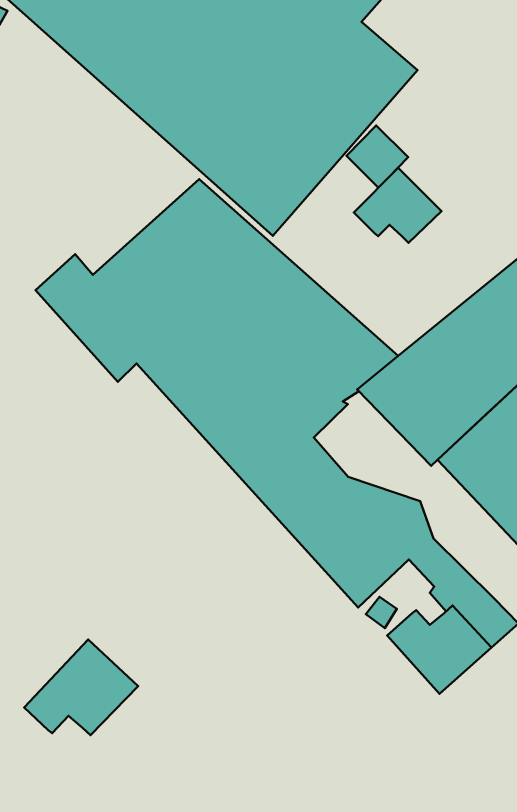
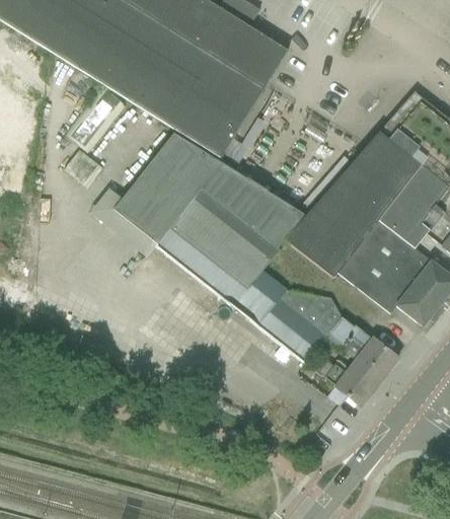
building: [354,168,442,243] -> none
building: [24,640,138,735] -> none

